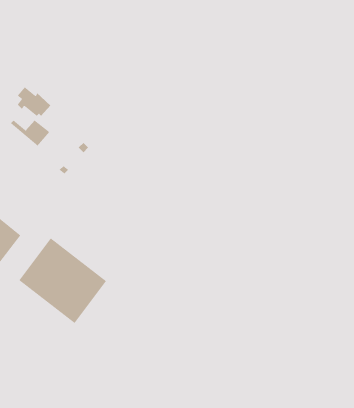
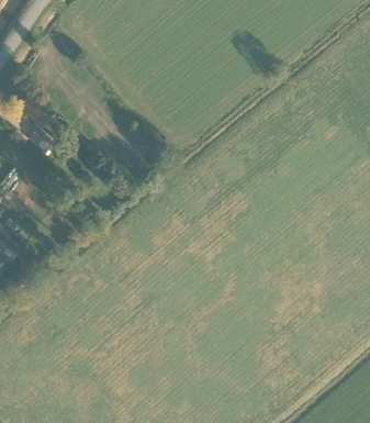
building: [18,238,107,324] -> none

